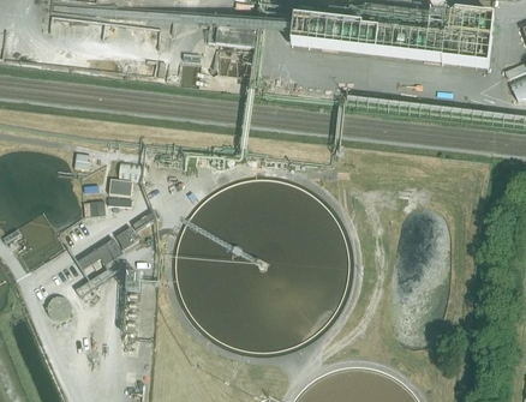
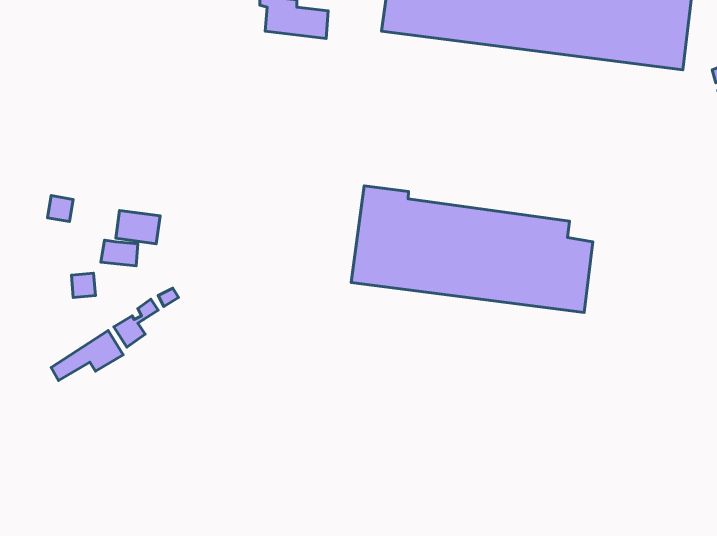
building: none -> [351,186,593,313]

